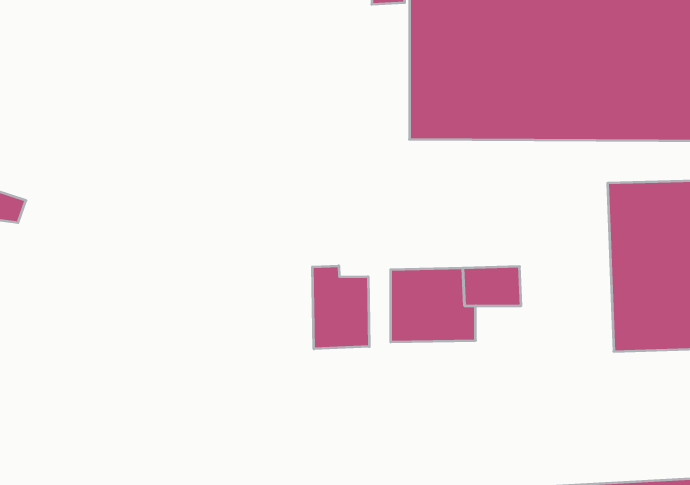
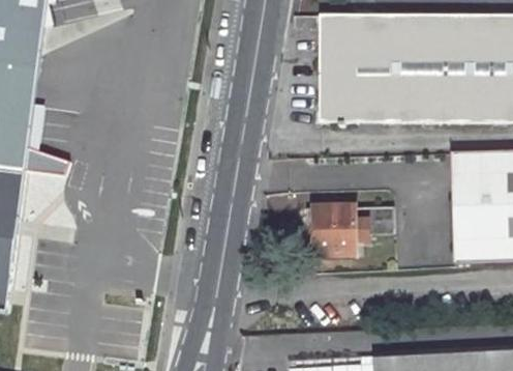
building: [312,266,369,349] -> none

